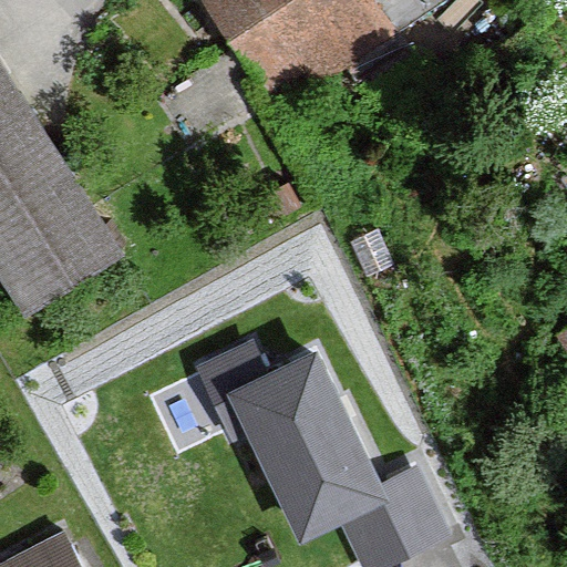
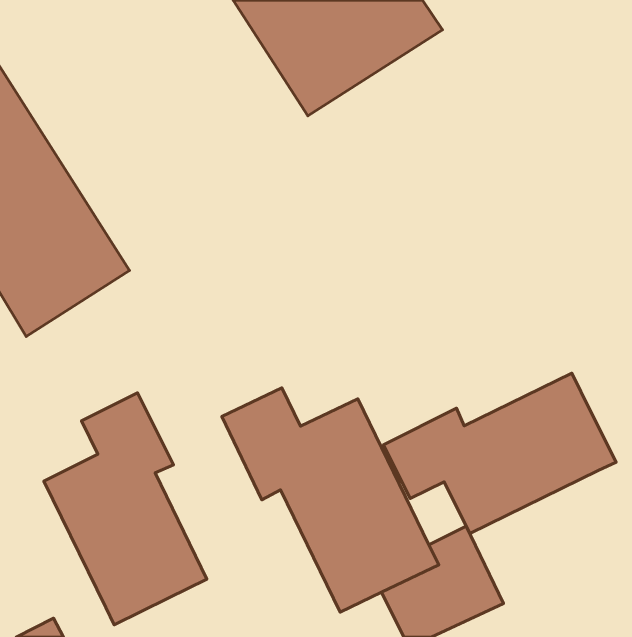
building: none -> [383,373,616,533]
building: none -> [44,393,207,625]

